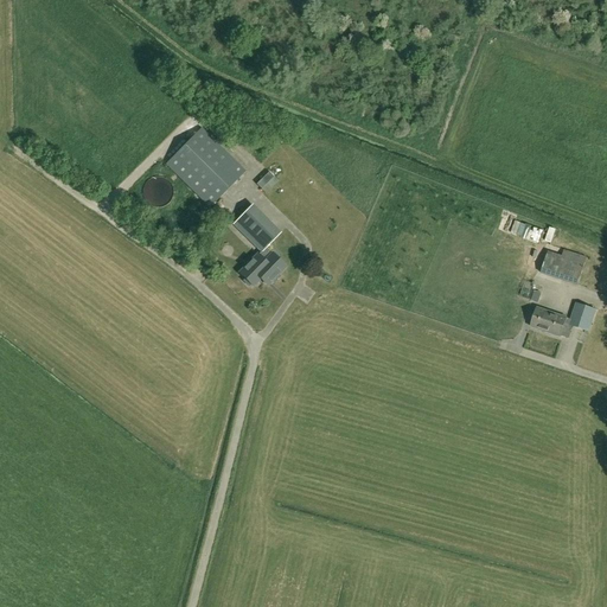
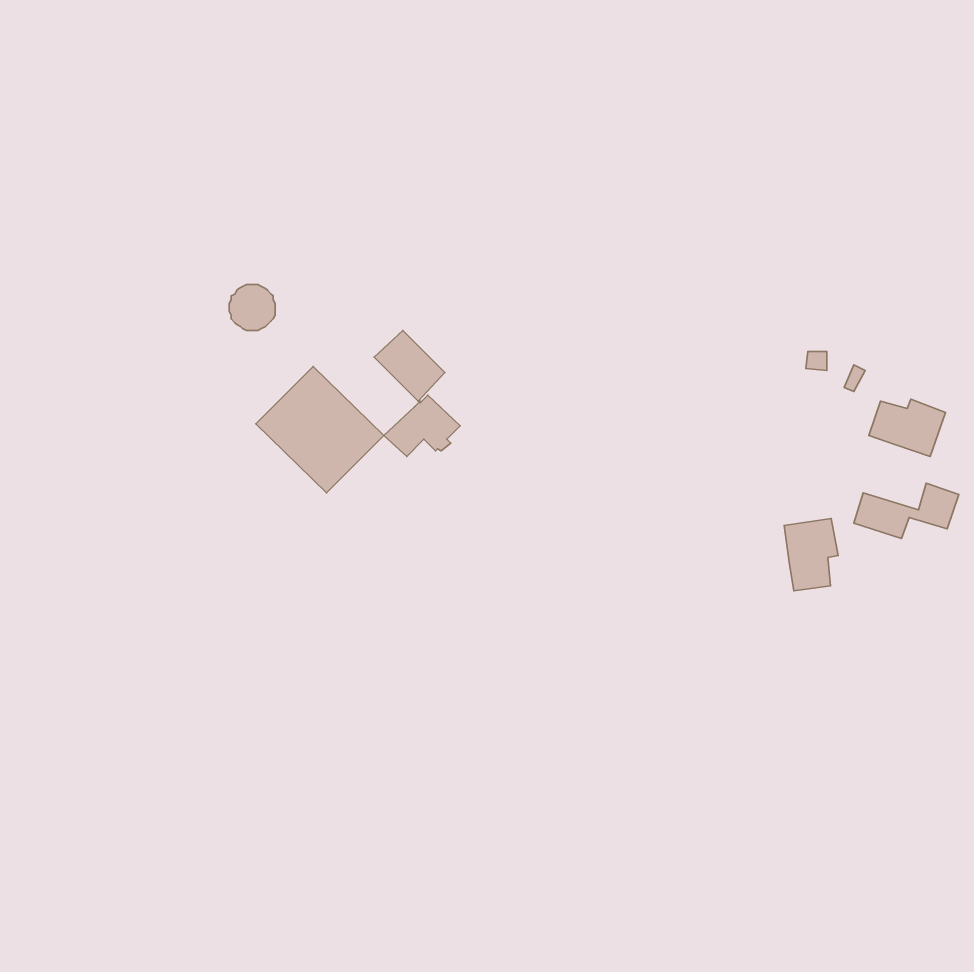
building: [165,127,244,205] -> [256,367,384,493]
building: none -> [784,518,838,591]

